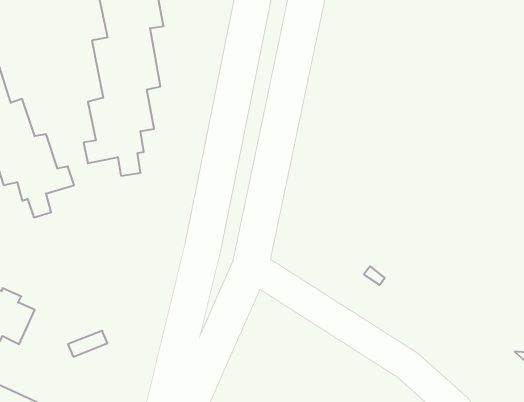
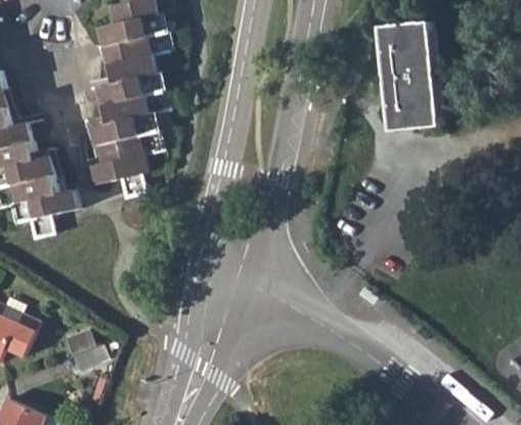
building: none -> [381,25,441,133]

